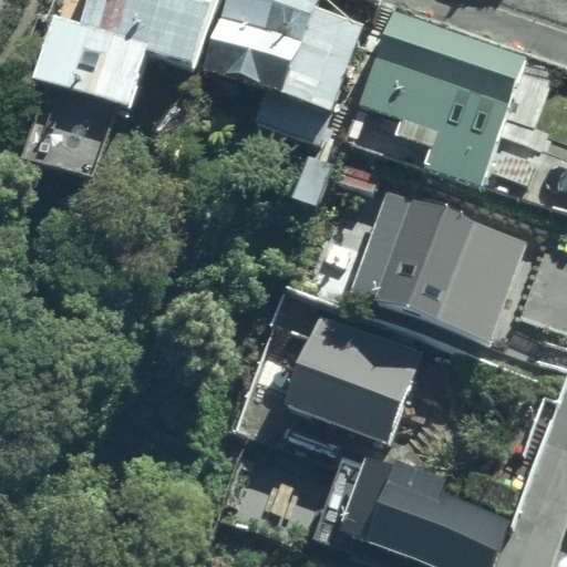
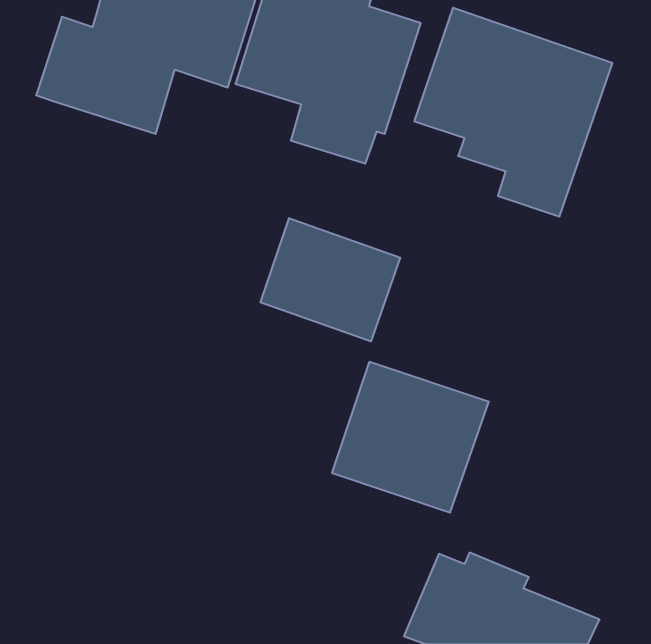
building: none -> [261,218,400,341]
building: [349,192,526,341] -> none

